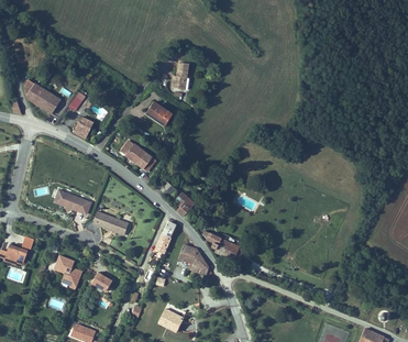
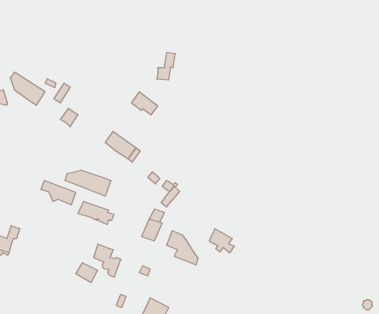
building: none -> [65,170,111,196]
building: [53,256,80,289] -> [94,244,121,277]

